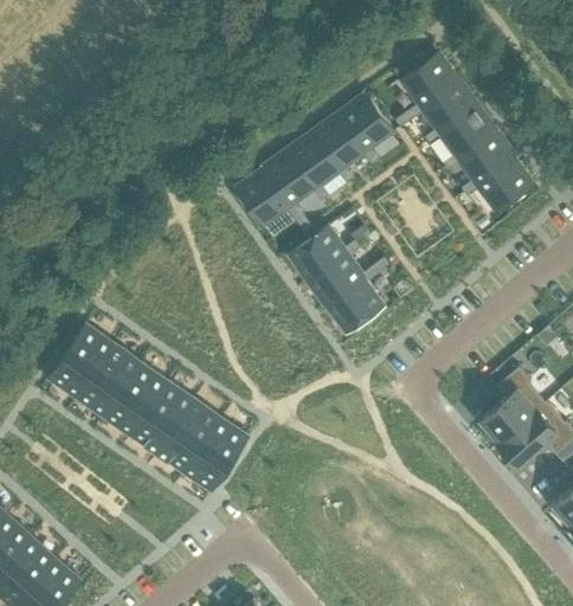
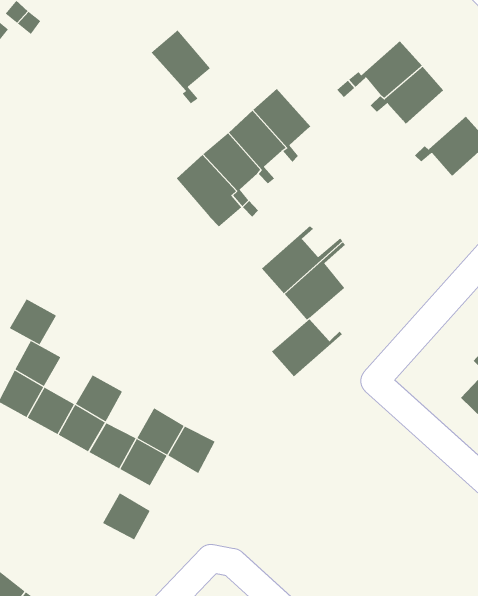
building: [401,51,459,107] -> none
building: [340,92,394,163] -> [151,30,211,104]
building: [444,129,514,182] -> none
building: [289,225,358,278] -> [271,319,343,377]
building: [94,342,140,387] -> [9,299,57,345]
building: [148,380,194,425] -> none
building: [184,444,230,490] -> [102,492,150,540]

